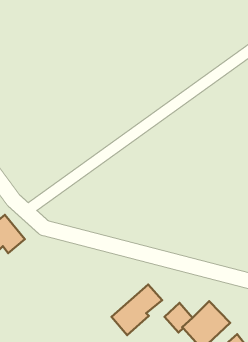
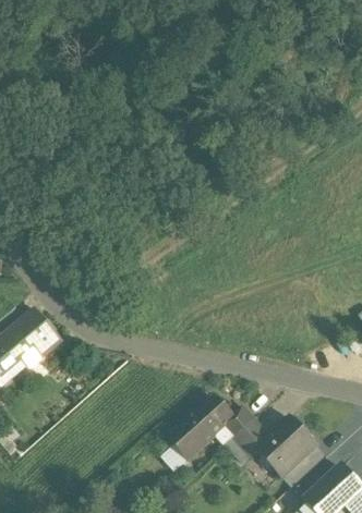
building: none -> [214,407,254,445]

